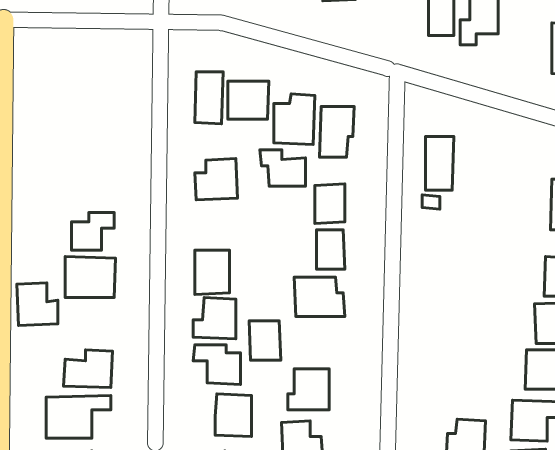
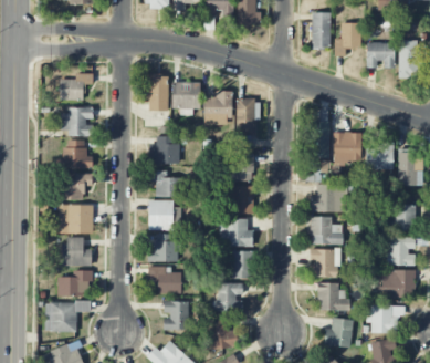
building: none -> [367,42,395,68]
building: none -> [60,72,93,100]
building: none -> [61,108,94,134]
building: [260,150,306,186] -> [150,170,182,196]
building: none -> [333,132,363,162]
building: none -> [64,139,93,167]
building: none -> [366,142,395,169]
building: none -> [311,184,352,211]
building: none -> [311,216,343,243]
building: [17,283,58,325] -> [63,236,92,266]
building: none -> [310,248,340,277]
building: [249,321,281,360] -> [230,250,252,278]
building: none -> [318,281,349,310]

